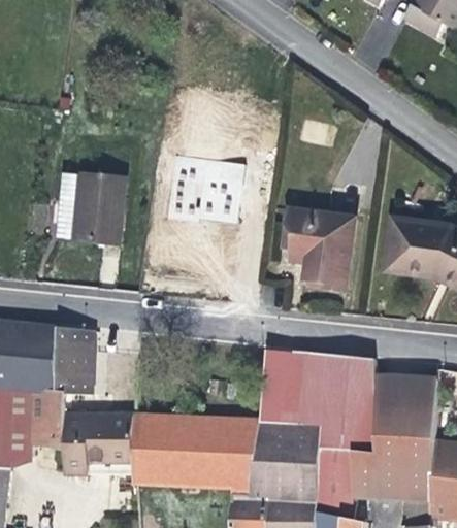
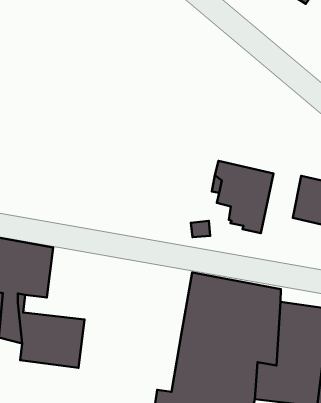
building: [167,153,243,223] -> none
building: [60,172,124,244] -> none
building: [135,415,259,495] -> none

